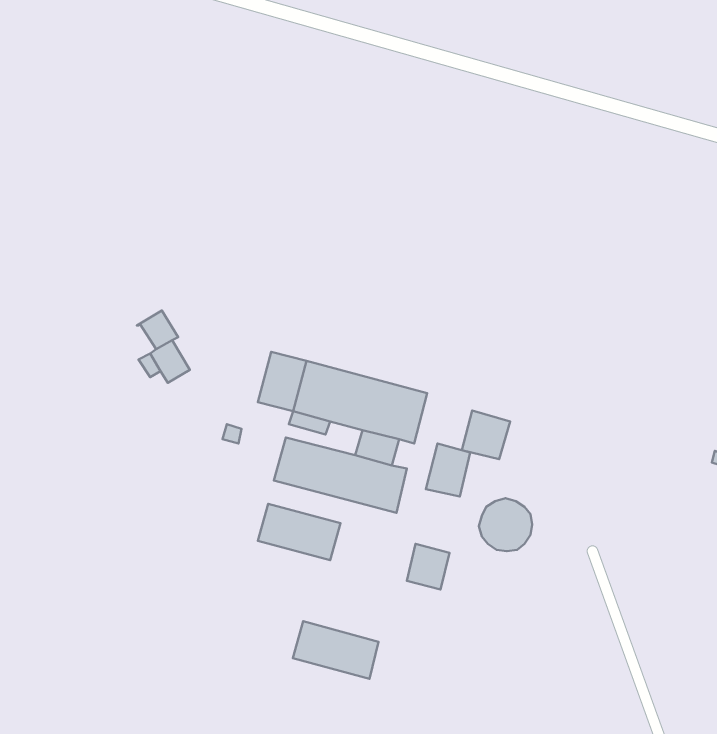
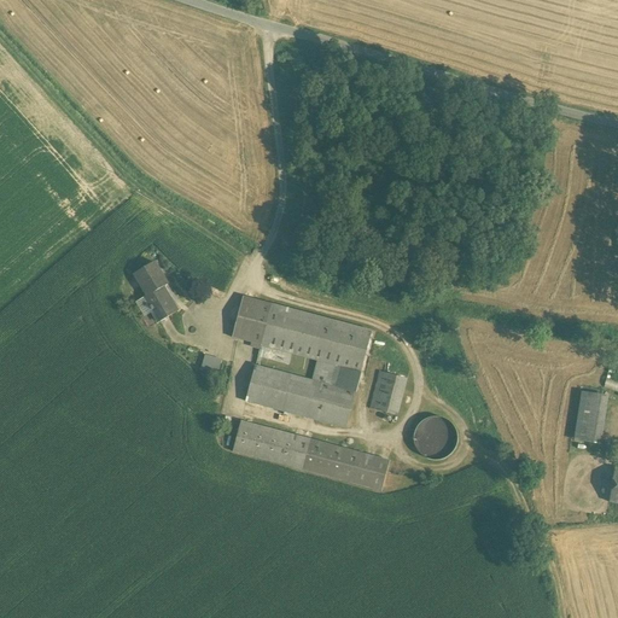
building: [462,411,510,459] -> none
building: none -> [575,391,601,442]
building: [293,621,378,679] -> [291,435,361,482]

